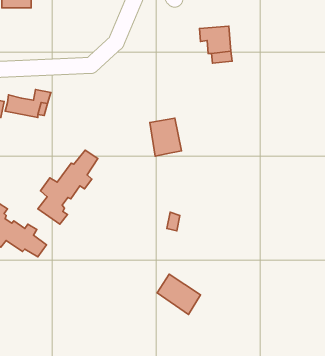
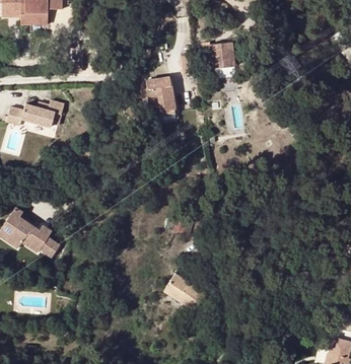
building: [150,118,181,156] -> [146,77,176,113]
building: [38,150,98,224] -> none

